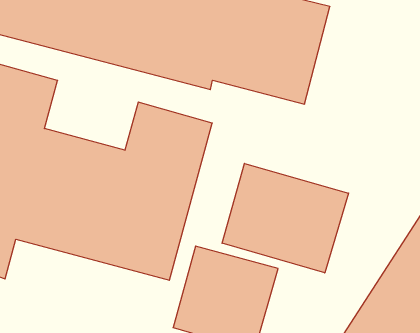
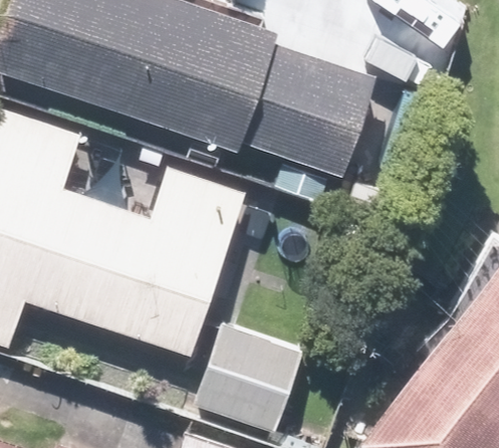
building: [222,163,349,273] -> none

